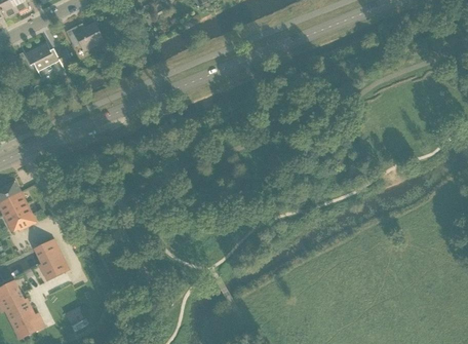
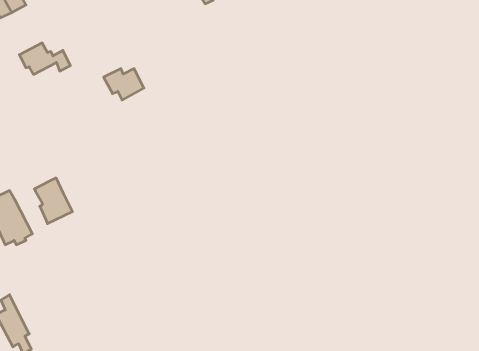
building: [66,23,104,52] -> [104,69,144,100]
building: [33,238,69,281] -> [34,178,72,224]

